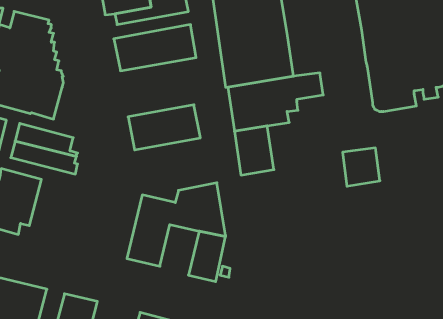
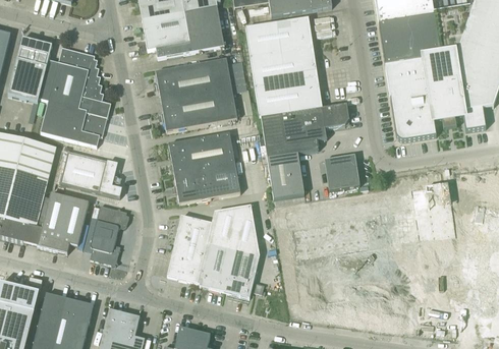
building: none -> [161,89,236,130]
building: none -> [174,163,240,203]
building: [343,148,380,186] -> [324,154,358,189]
building: none -> [89,205,128,265]
building: none -> [198,243,234,290]

